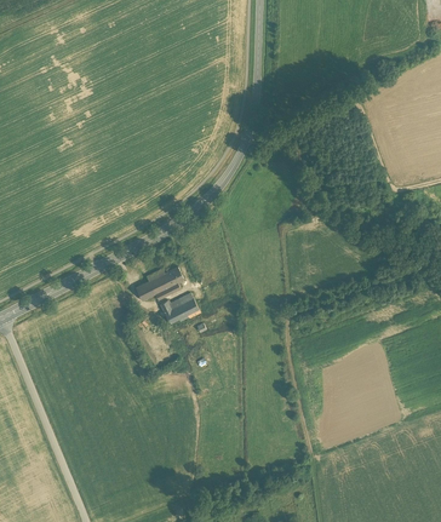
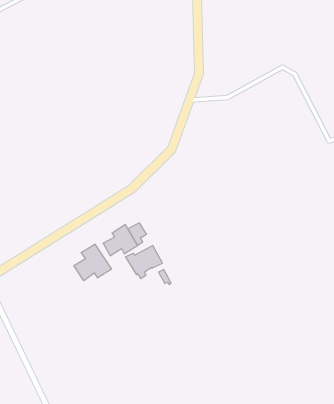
building: none -> [74,244,111,281]

